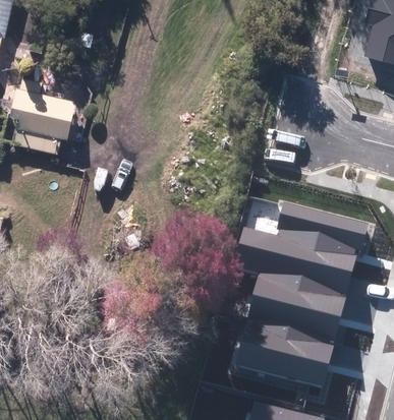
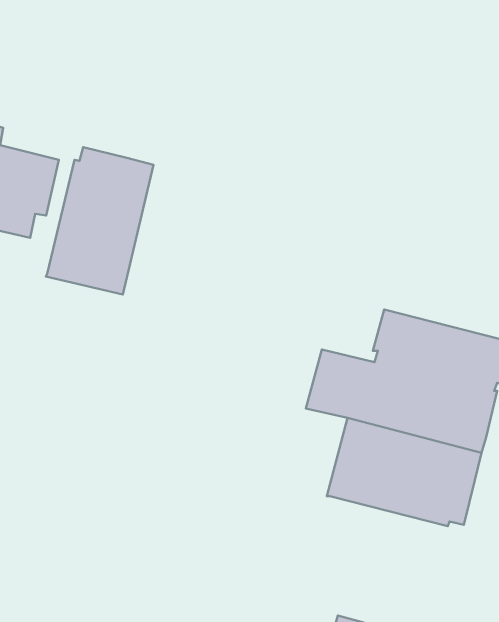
building: none -> [46,147,153,294]
building: [237,320,333,384] -> none

